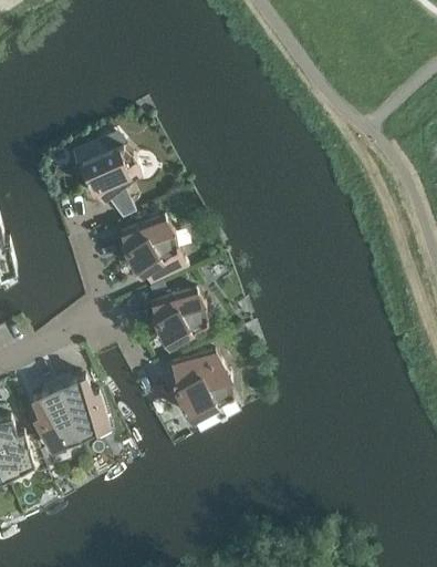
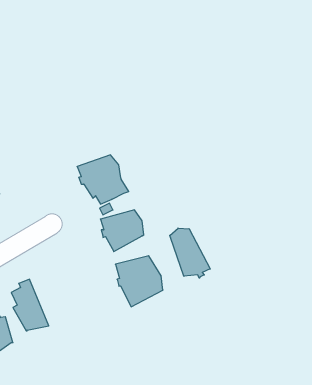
building: [73,142,141,220] -> none
building: none -> [170,228,210,278]
building: [55,377,110,445] -> none

